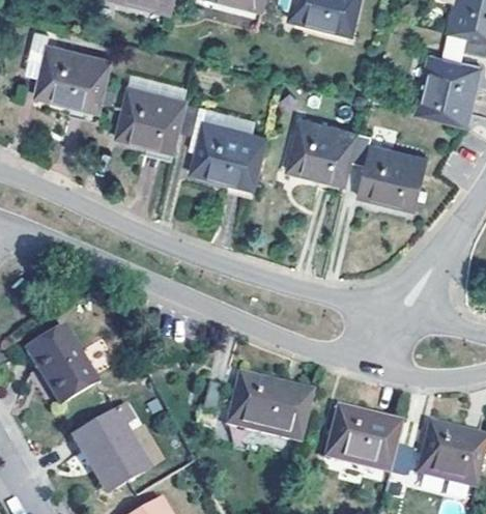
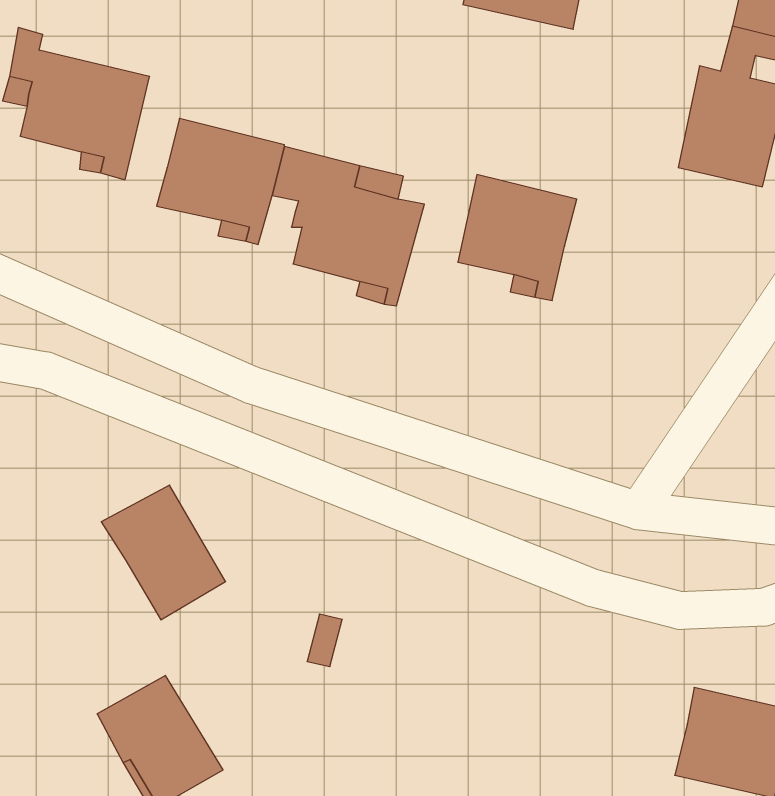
building: [351,133,428,209] -> none
building: [26,327,99,407] -> [101,485,226,620]
building: [226,370,313,438] -> none
building: [323,406,400,473] -> none

